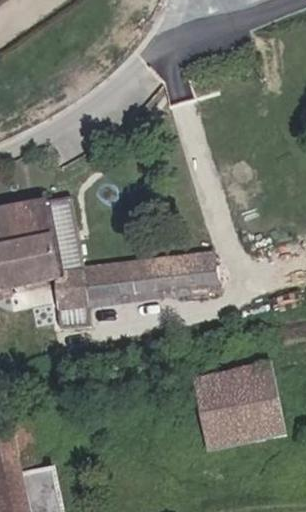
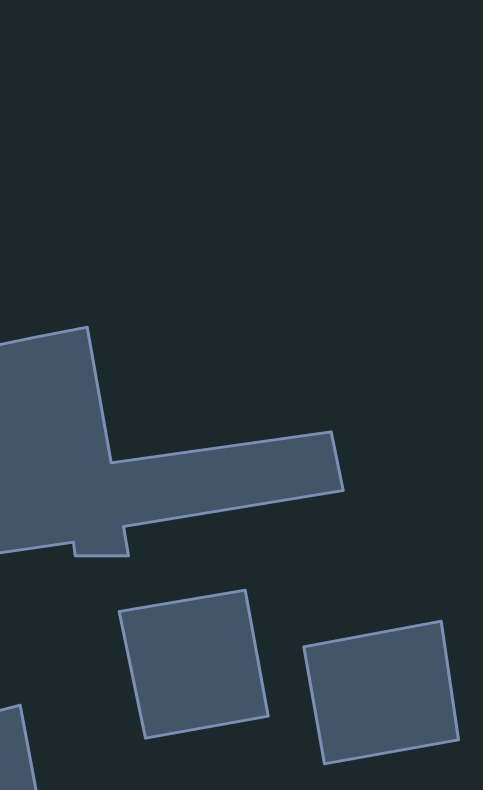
building: none -> [119,590,268,738]

